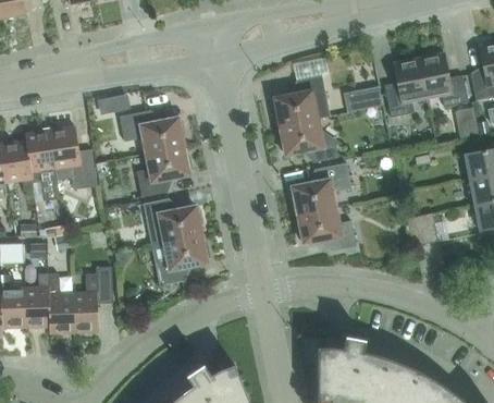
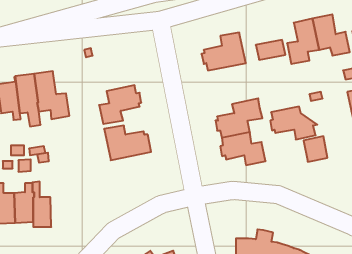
building: [119,110,185,152] -> none
building: [279,119,341,162] -> [270,107,317,139]
building: [151,233,209,284] -> none
building: [72,266,112,332] -> none

